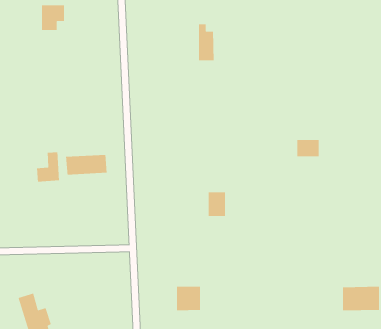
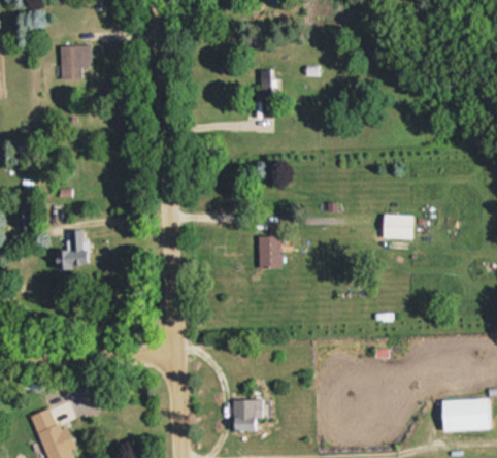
building: [65,154,108,175] -> none
building: [208,191,226,217] -> [258,236,280,268]

